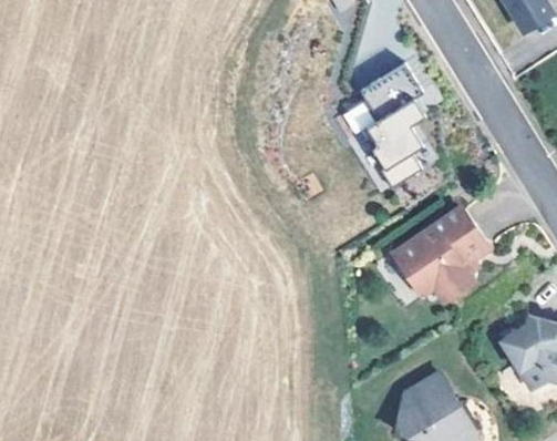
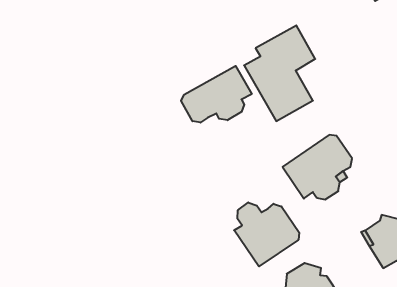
building: none -> [181,66,252,123]
building: none -> [234,202,299,266]

